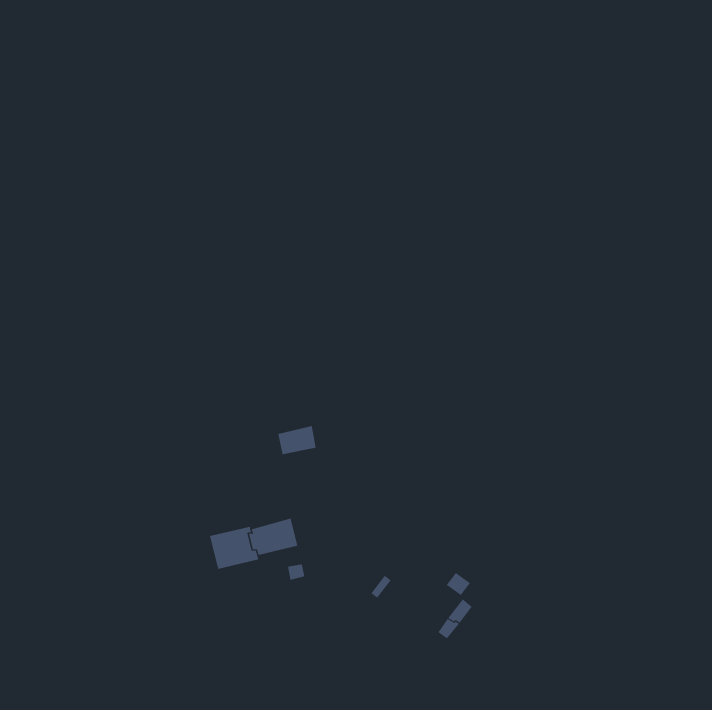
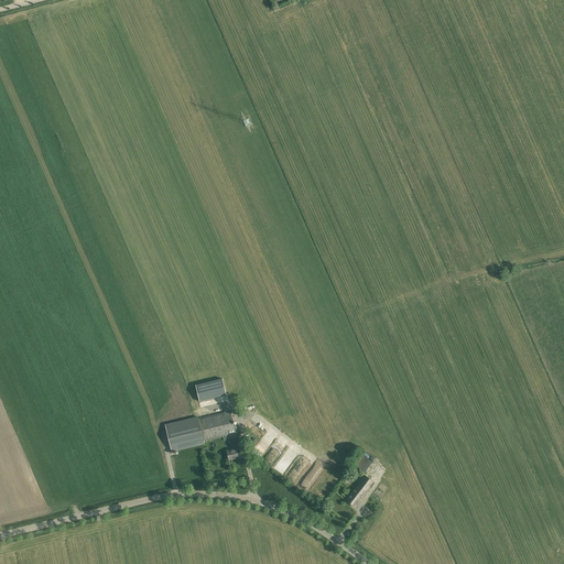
building: [278,426,317,455] -> [196,377,227,400]

